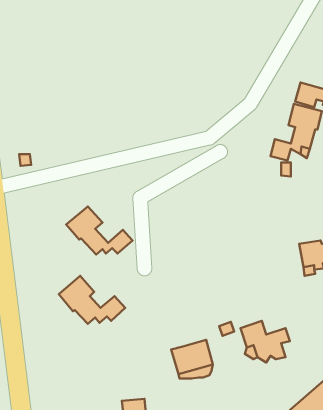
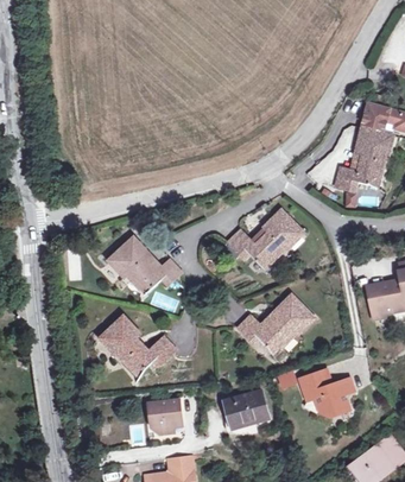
building: none -> [224,211,303,262]
building: none -> [233,290,314,344]
building: none -> [150,399,182,435]

